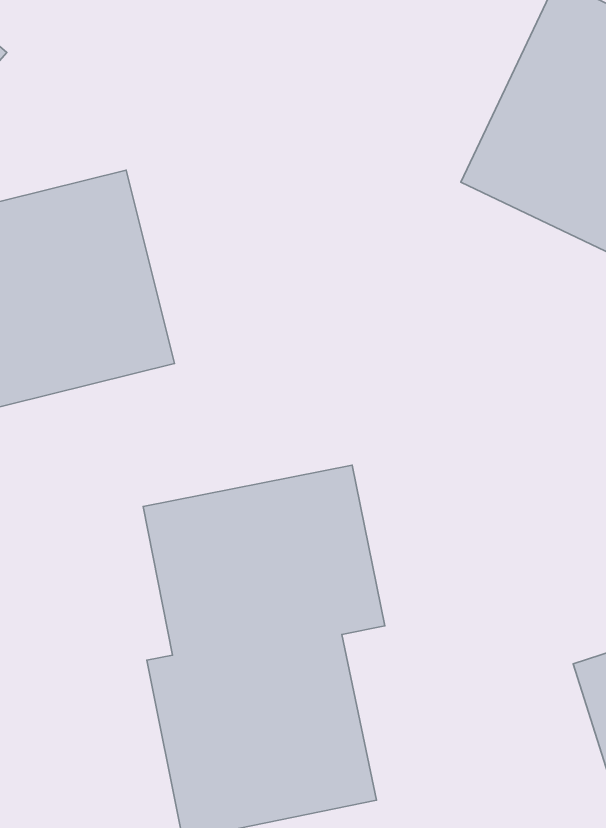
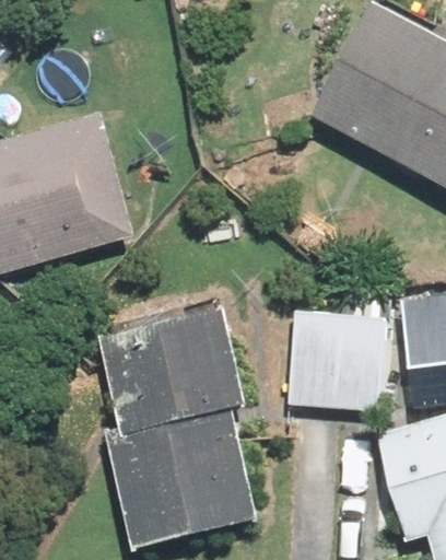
building: none -> [277,307,387,412]

